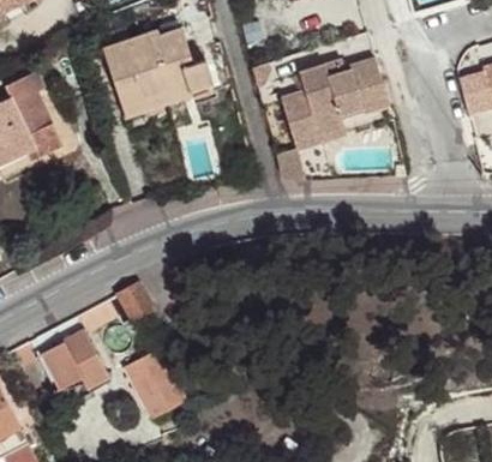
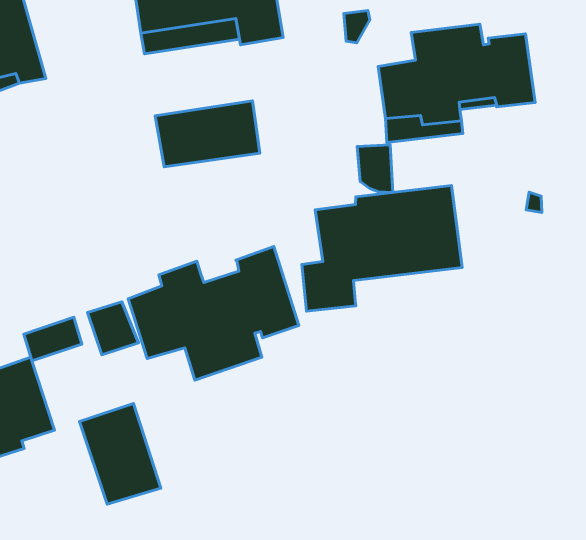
building: none -> [155,101,260,167]
building: none -> [302,185,462,311]
building: none -> [128,247,299,380]

